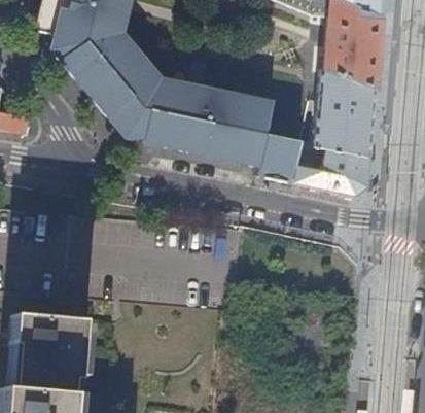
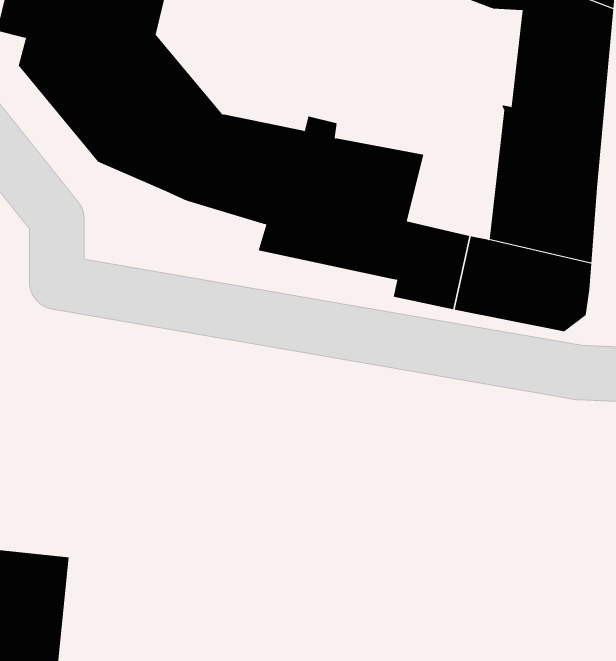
building: [95,103,188,152] -> none

